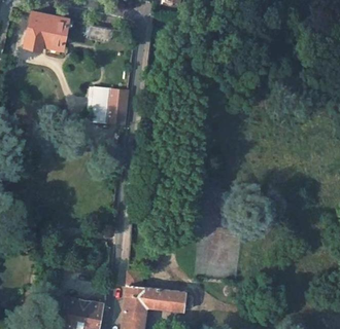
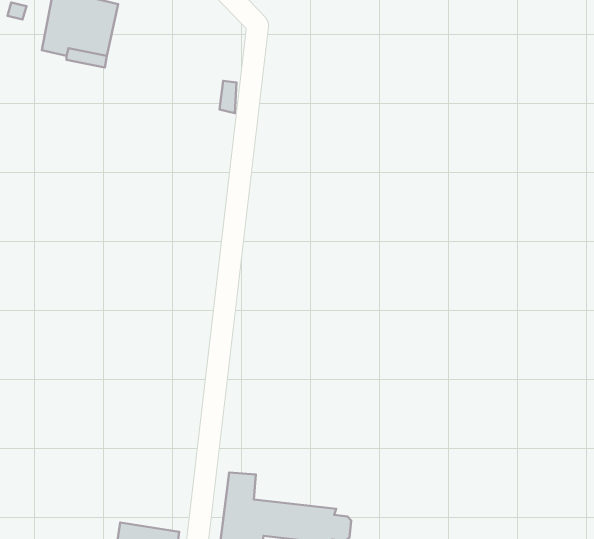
building: [91,87,128,123] -> none

